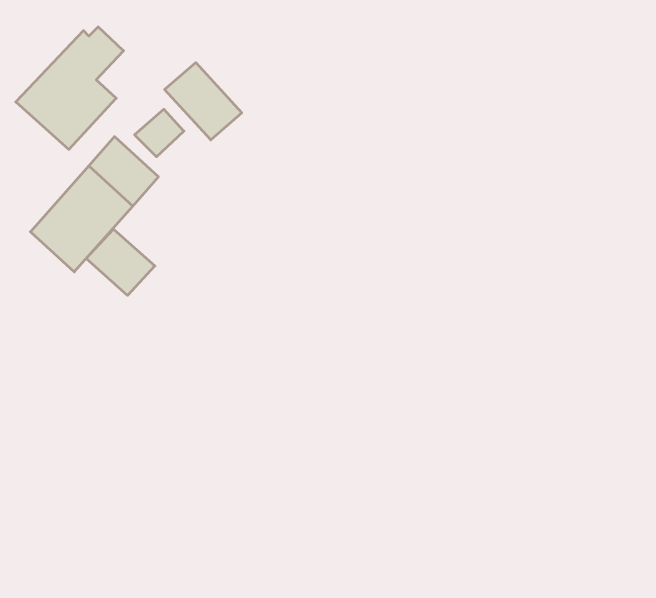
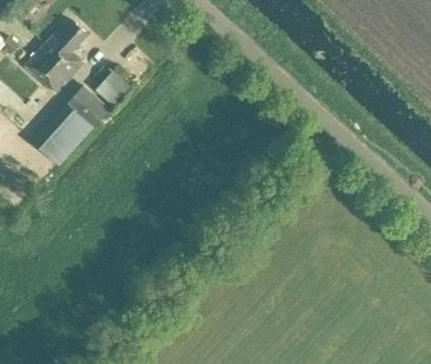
building: [165,63,242,140] -> none
building: [86,229,155,295] -> none

